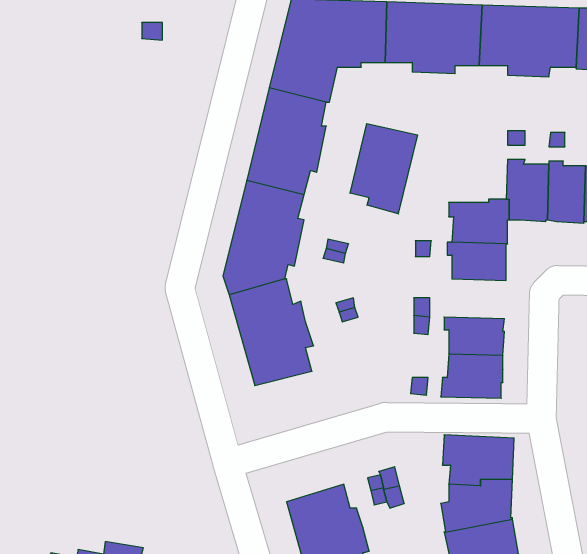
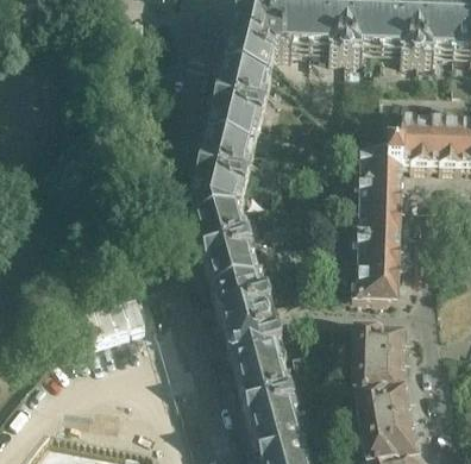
building: [350,124,417,214] -> none
building: none -> [353,209,400,239]
building: none -> [212,277,281,376]

